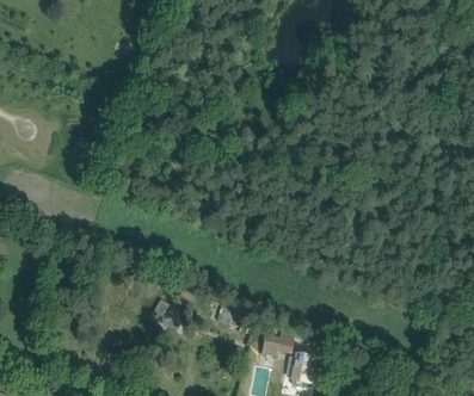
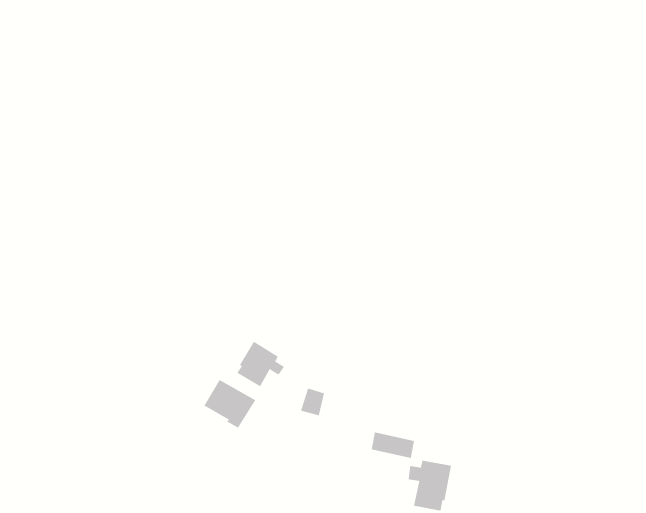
building: none -> [237,341,285,387]

